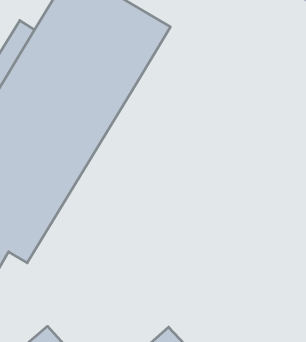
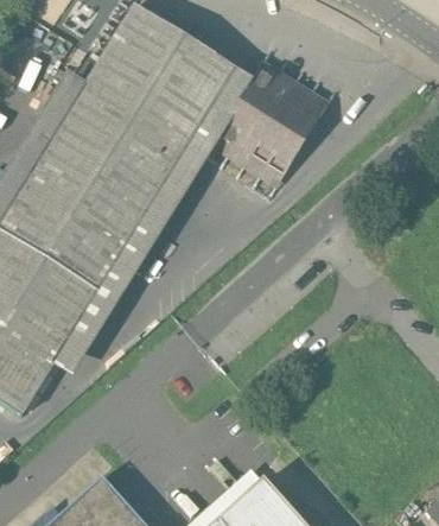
building: none -> [216,64,327,188]

